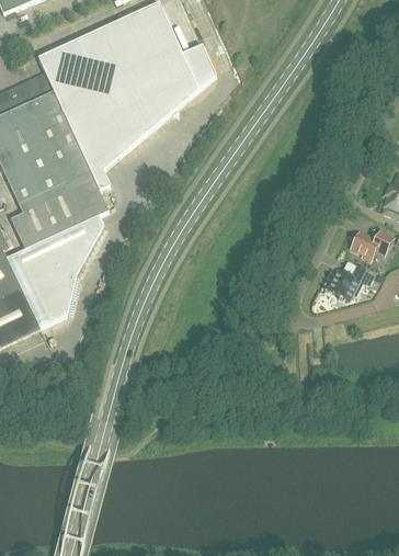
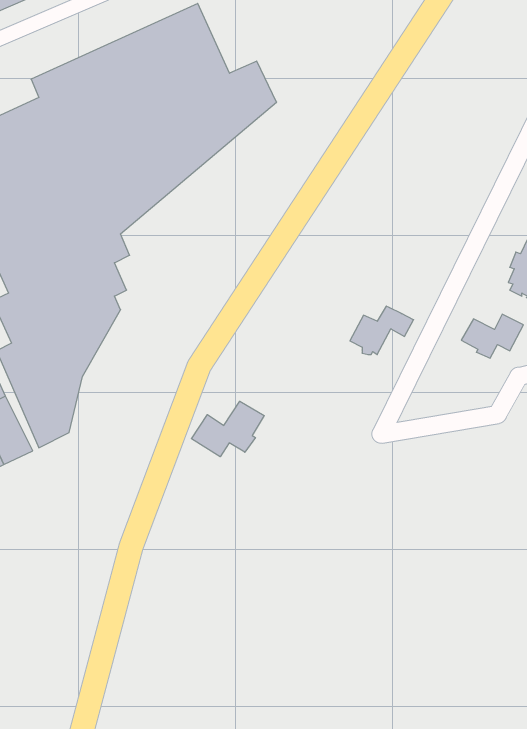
building: [328,263,374,298] -> [350,306,414,355]
building: none -> [191,401,264,457]

